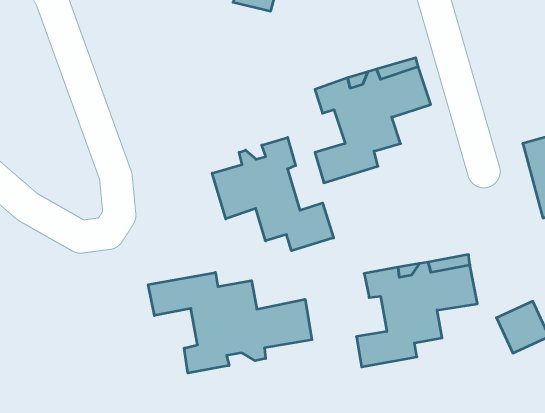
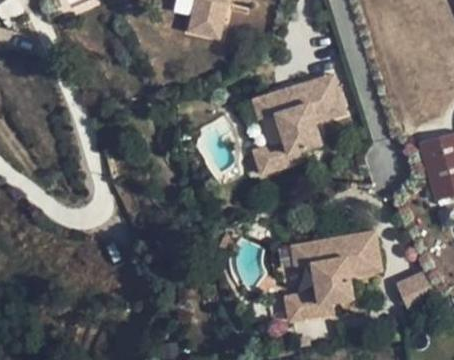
building: [212,137,334,251] -> none
building: [148,272,312,373] -> none

